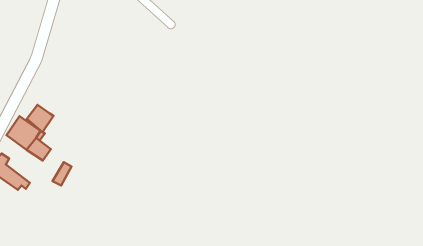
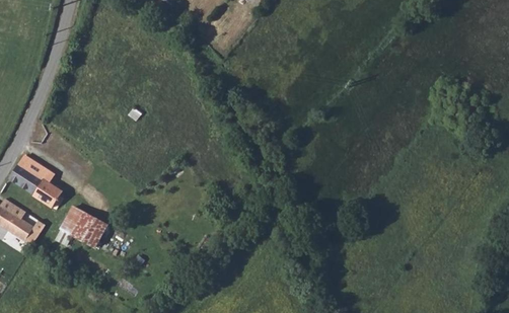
building: [27,105,53,132] -> none
building: none -> [75,214,107,248]

